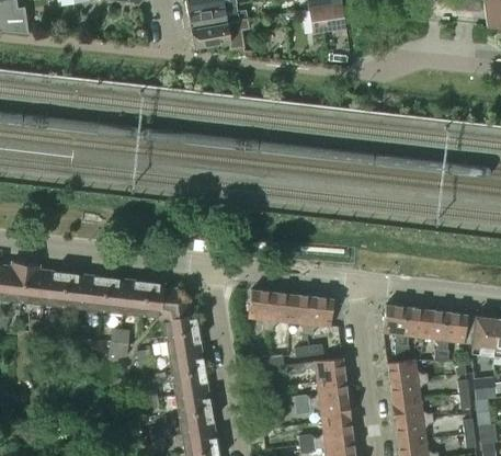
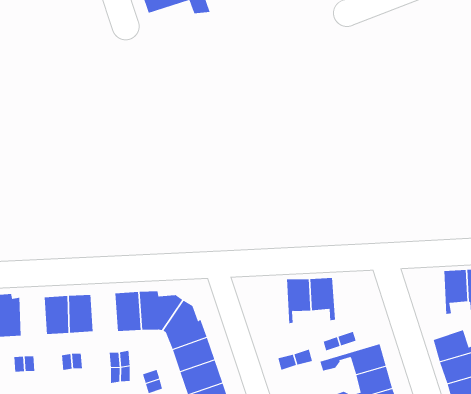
building: [41,269,65,304] -> none
building: [102,276,125,311] -> none
building: [249,289,272,329] -> none
building: [308,296,331,333] -> none
building: [383,304,406,343] -> none

